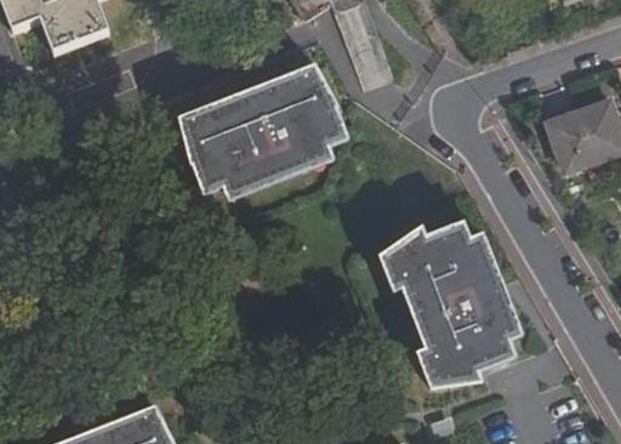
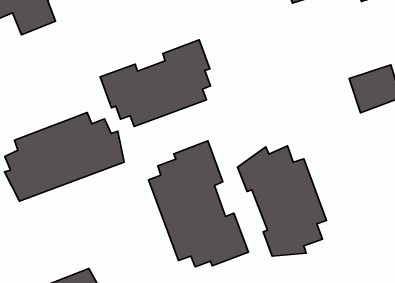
building: none -> [5,113,124,201]
building: none -> [148,141,248,267]

